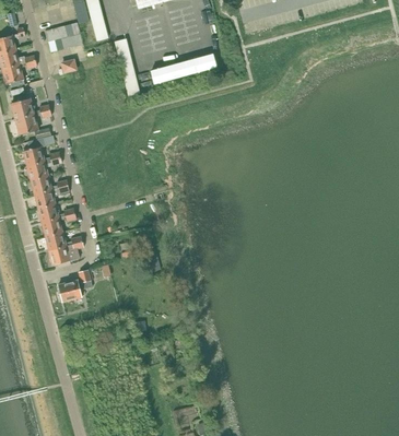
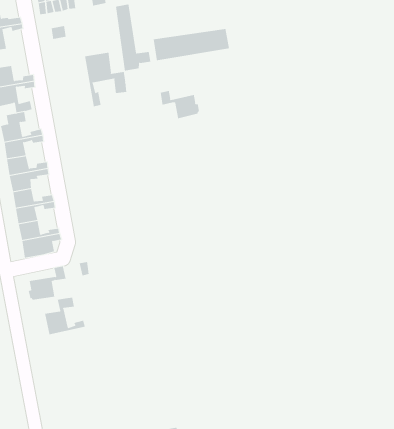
building: none -> [85,52,127,107]
building: none -> [160,90,199,119]
building: none -> [45,297,85,335]

